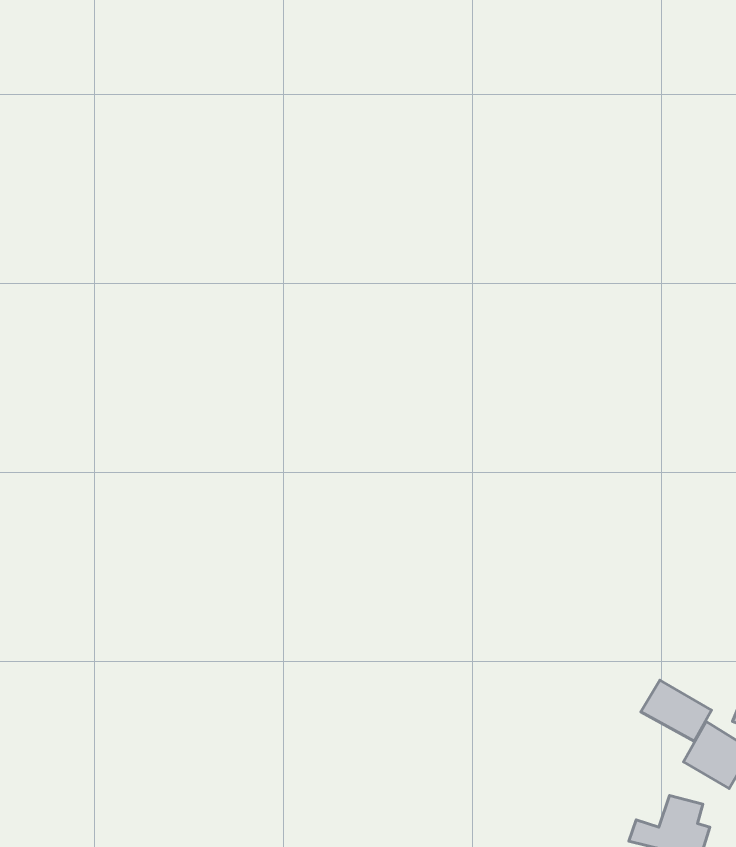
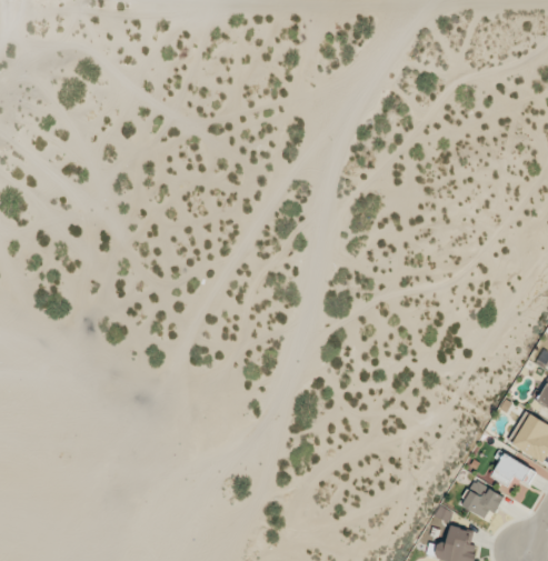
building: [641,680,712,741] -> none

